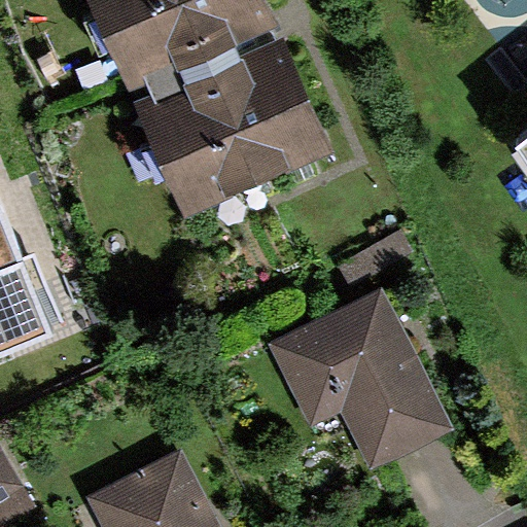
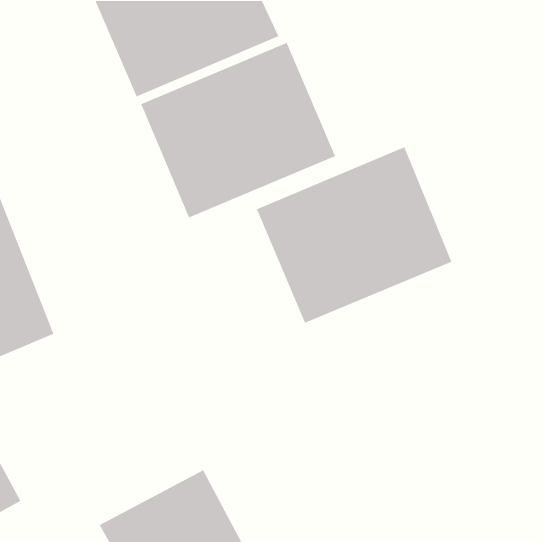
building: none -> [256,146,453,324]
building: [271,285,440,458] -> none

